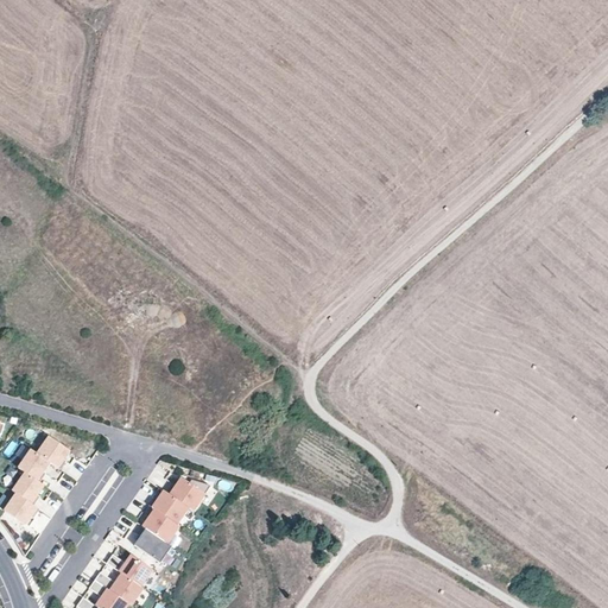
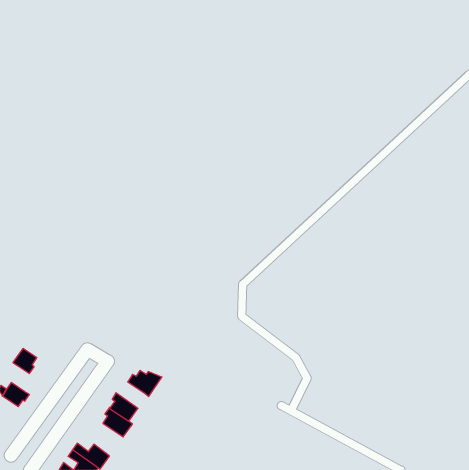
building: [36,436,69,470] -> none
building: [11,473,42,506] -> none
building: [147,492,188,525] -> none
building: [106,555,151,587] -> none

